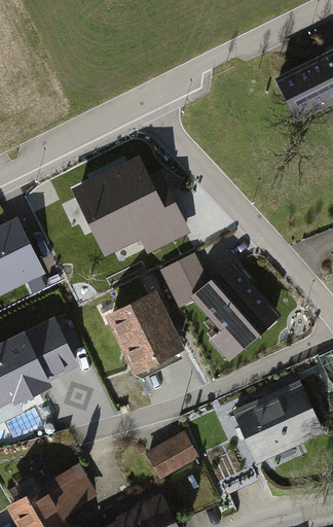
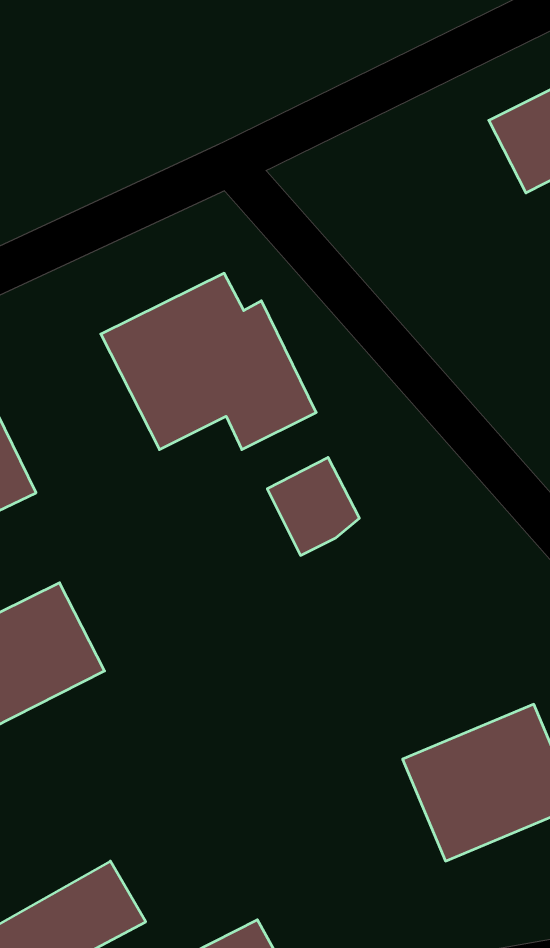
building: [197,267,275,359] -> none
building: [108,293,183,372] -> none
building: [147,435,195,478] -> none

